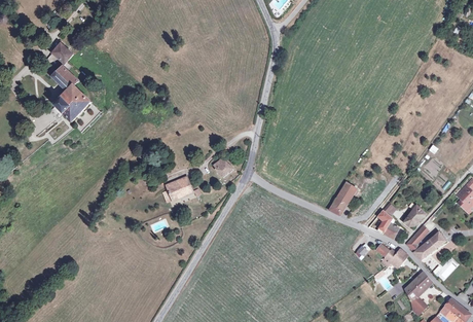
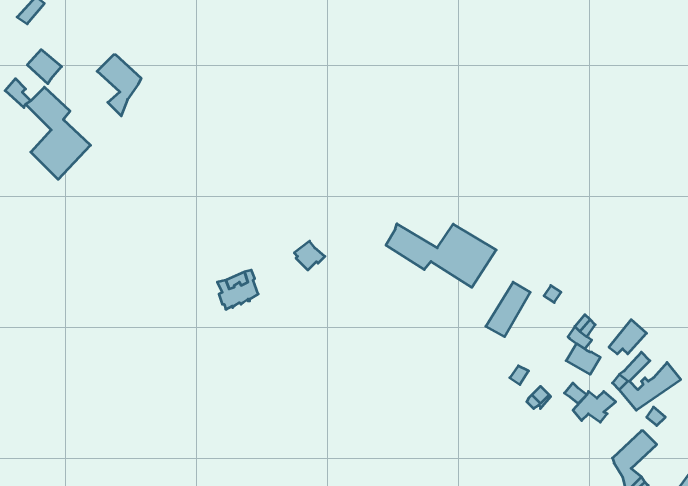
building: none -> [97,55,141,116]
building: none -> [386,224,496,287]

